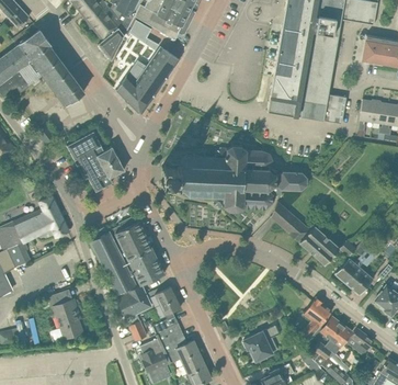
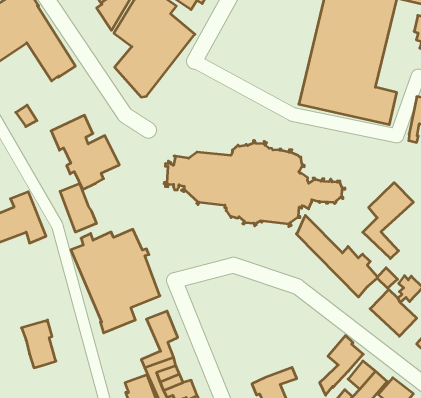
building: none -> [363,183,413,259]
building: none -> [60,184,96,232]
building: [121,295,151,341] -> none

